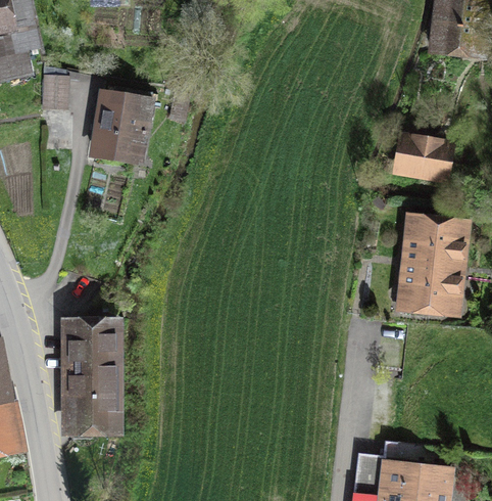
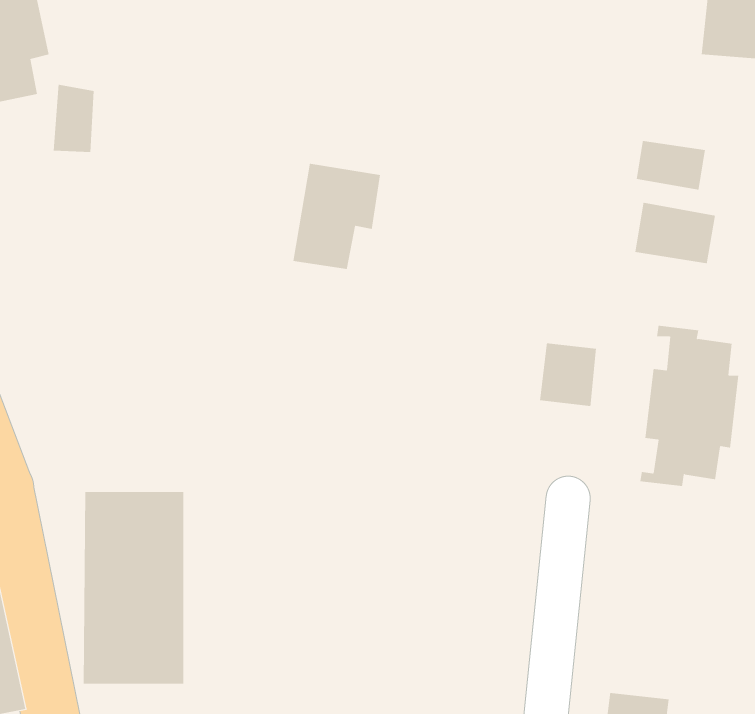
building: [97,91,151,156] -> [293,163,381,270]
building: none -> [636,140,706,190]
building: none -> [539,343,596,407]

